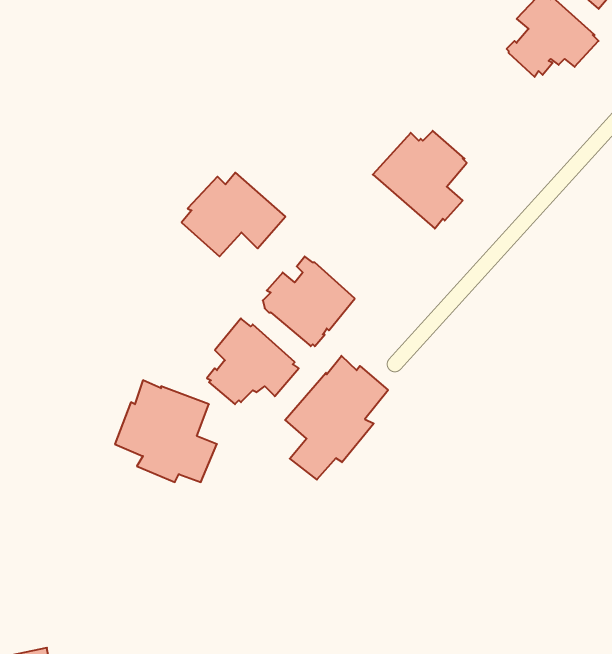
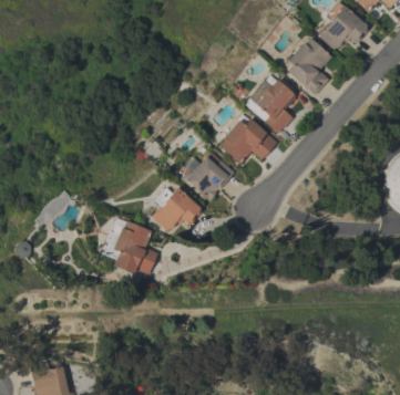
building: none -> [287,38,332,94]
building: [182,173,285,256] -> [219,117,277,164]
building: [285,356,388,480] -> none

